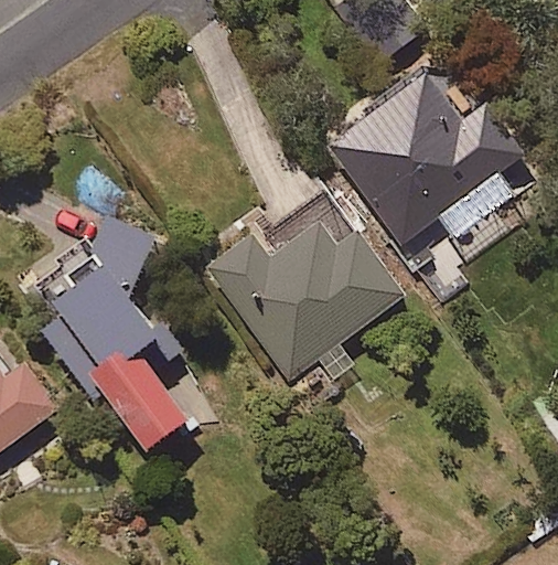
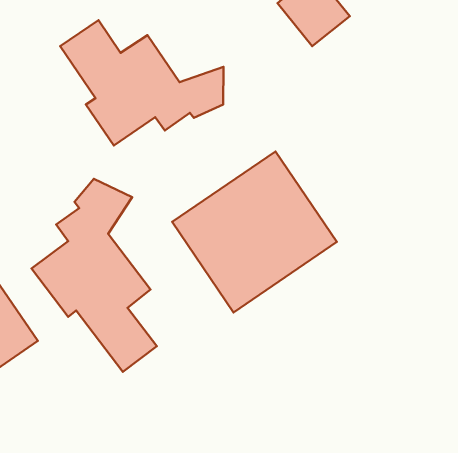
building: none -> [60,20,224,146]
building: [329,79,526,244] -> none

